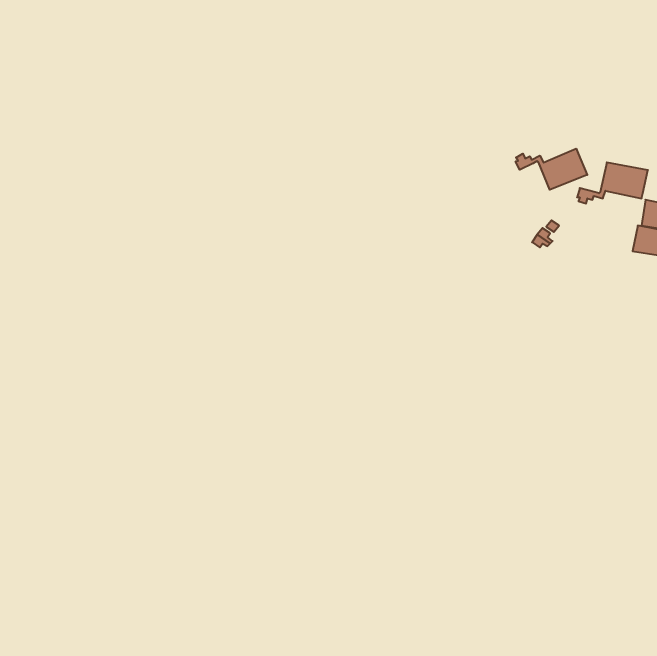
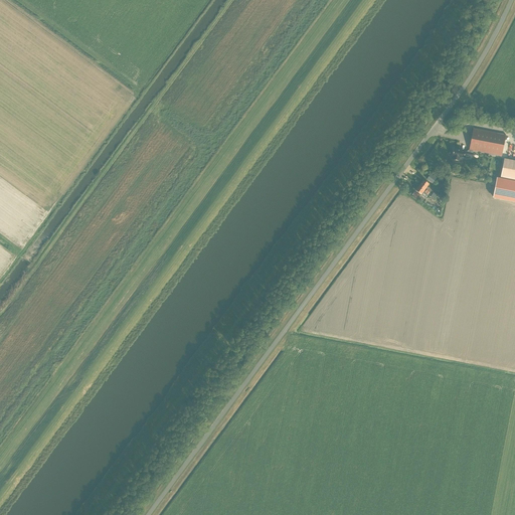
building: [516,149,587,190] -> none

